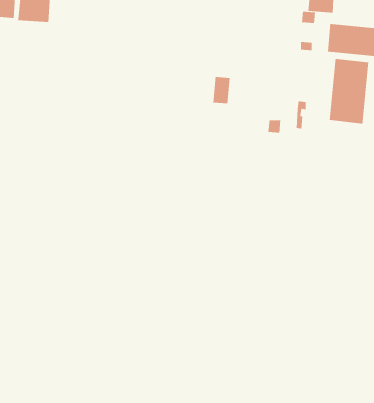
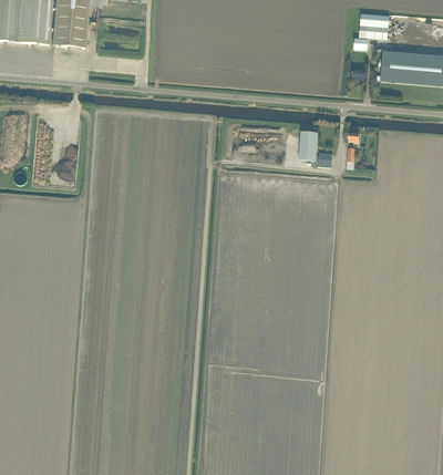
building: [329,58,369,124] -> none
building: [213,77,230,104] -> [298,130,317,158]

